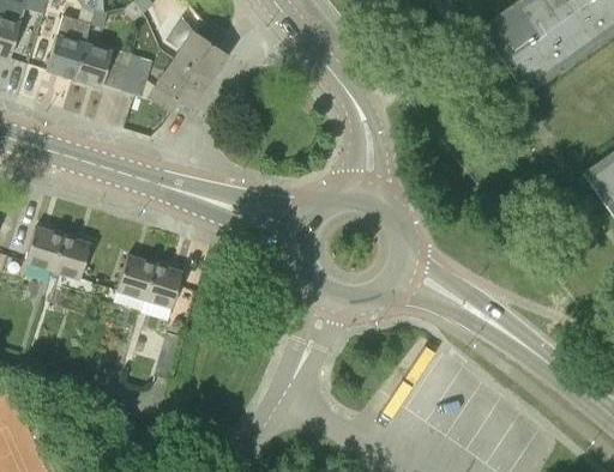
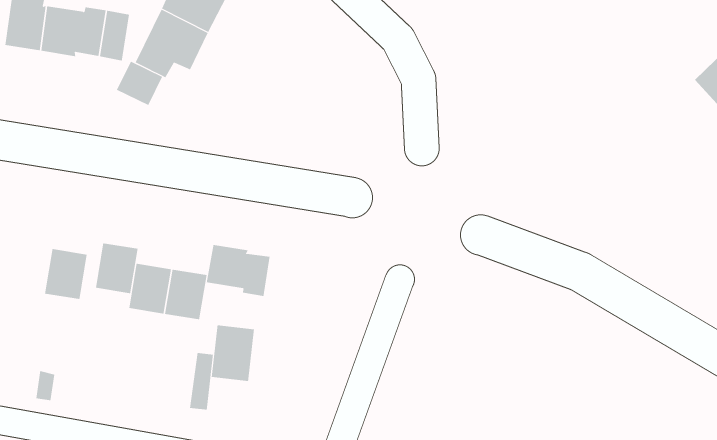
building: none -> [116,61,163,106]
building: [24,228,62,271] -> [95,243,138,294]
building: none -> [206,244,270,297]
building: none -> [211,325,254,382]

